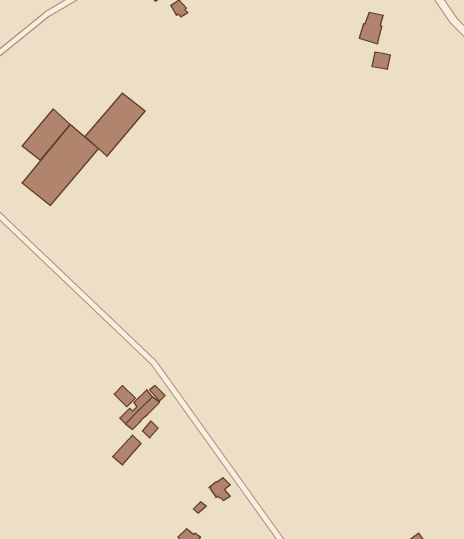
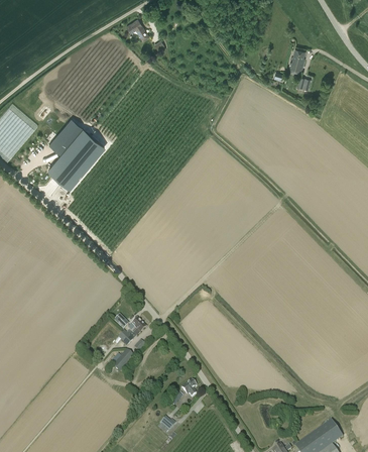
building: [85,93,145,156] -> none

